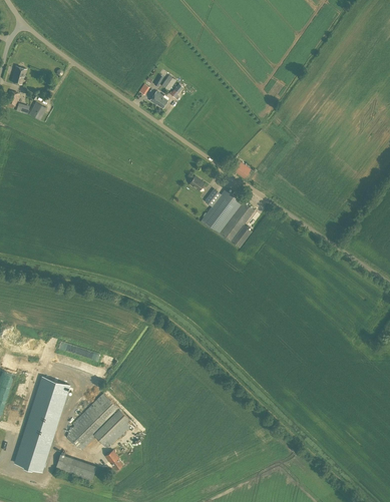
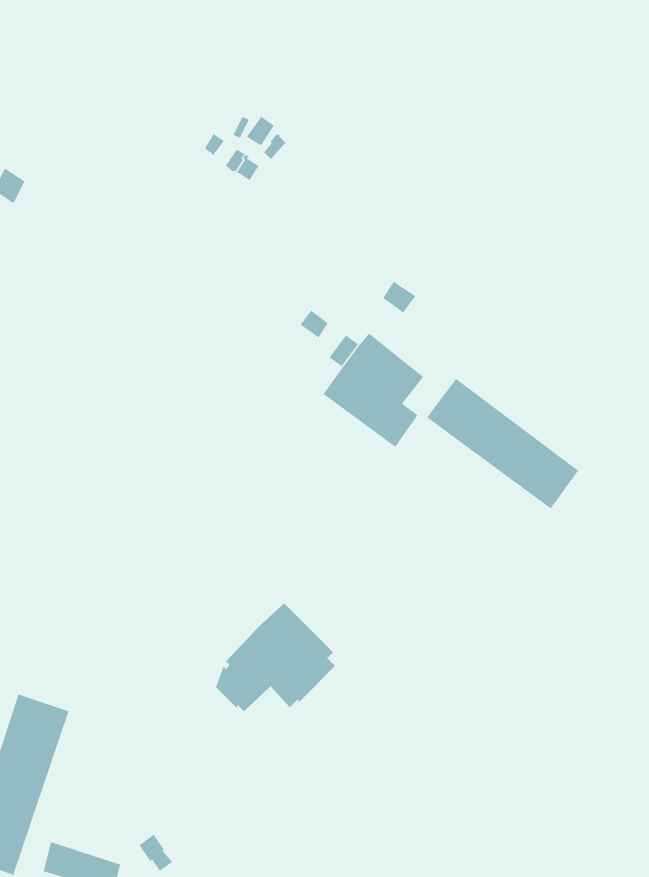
building: none -> [426,378,579,510]
building: [67,393,130,450] -> [215,603,336,712]

